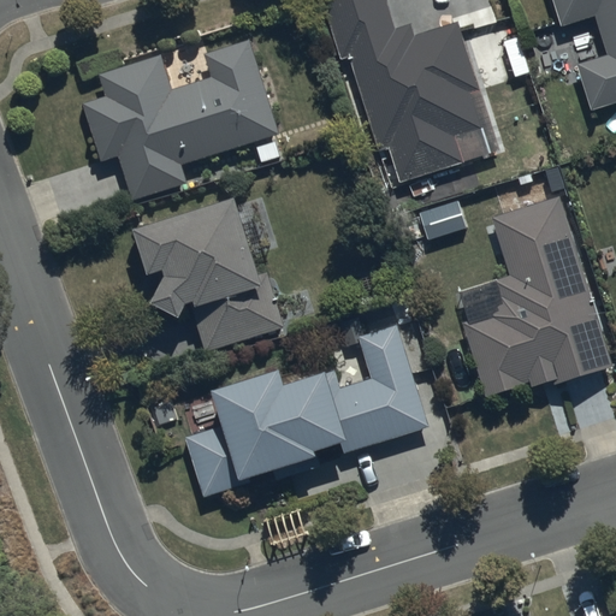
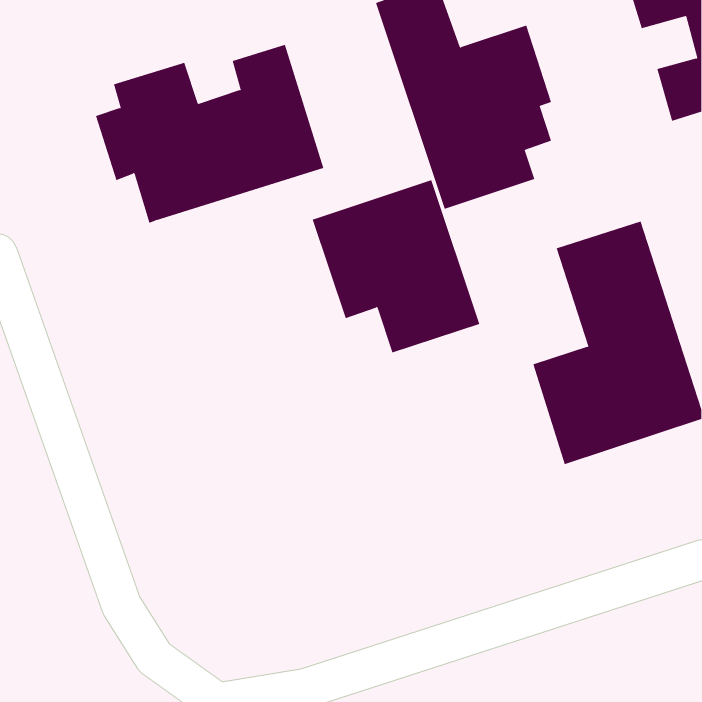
building: [134,196,280,348] -> [312,179,480,353]
building: [188,322,431,496] -> none

